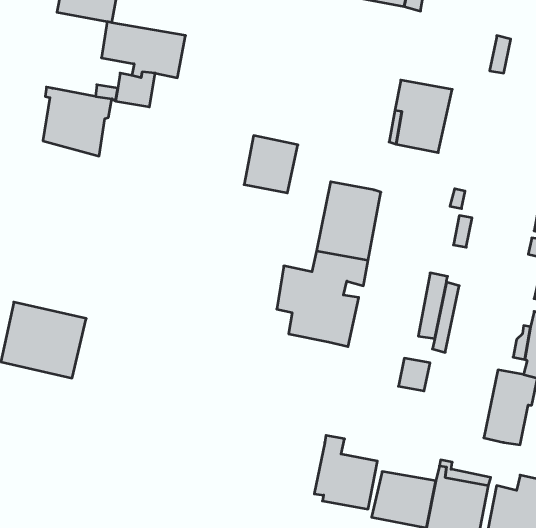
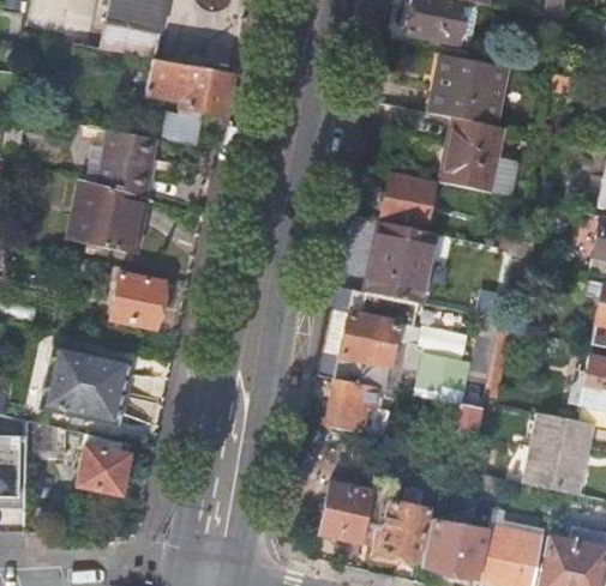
building: none -> [432,55,504,126]
building: [244,136,298,193] -> [380,173,436,231]
building: none -> [70,180,145,252]
building: none -> [112,273,166,327]
building: none -> [326,379,382,436]
building: none -> [76,445,128,495]
building: none -> [320,483,374,543]

